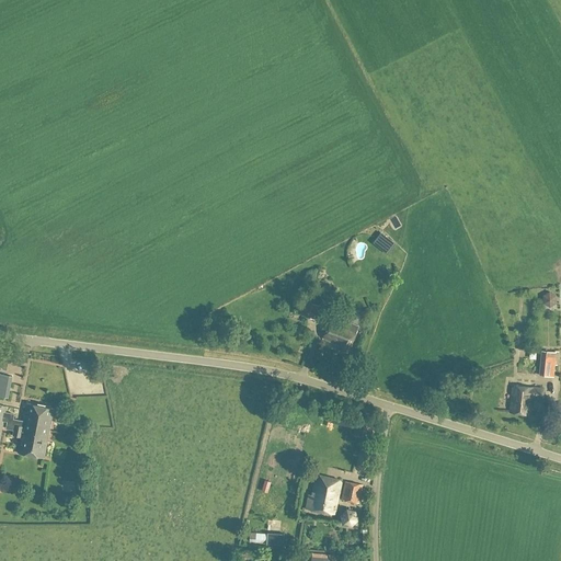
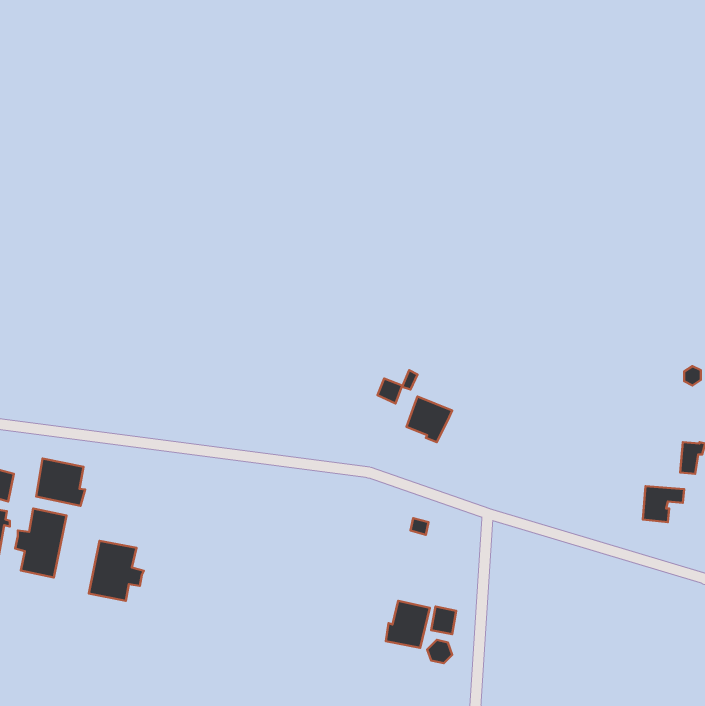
building: none -> [36,459,85,506]
building: none -> [89,541,144,601]

